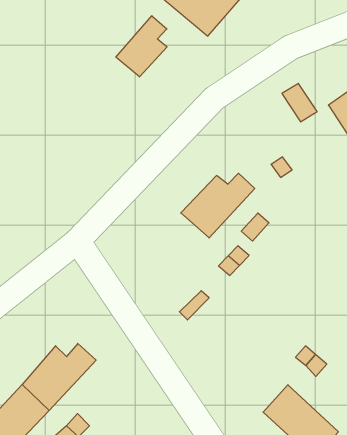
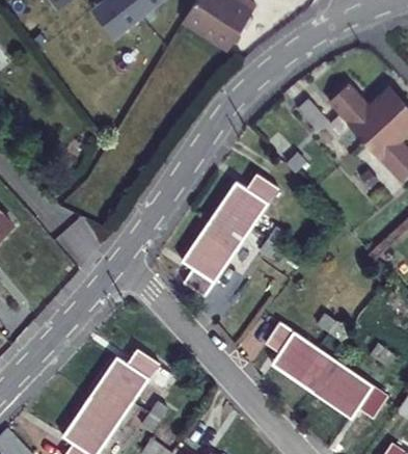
building: [116,16,167,77] -> none
building: none -> [183,221,239,294]
building: none -> [264,325,330,390]

